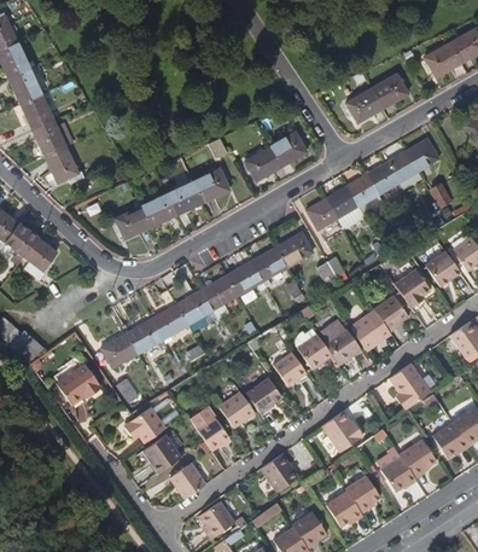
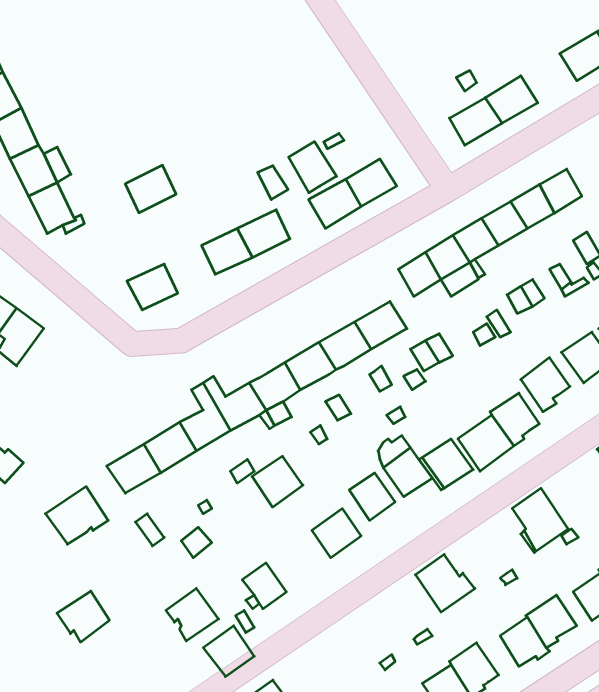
building: none -> [289,142,337,193]
building: [142,191,179,225] -> [125,165,176,213]
building: [220,391,256,428] -> [252,456,303,507]
building: [128,407,165,443] -> [57,591,109,642]
building: [261,453,298,490] -> none

